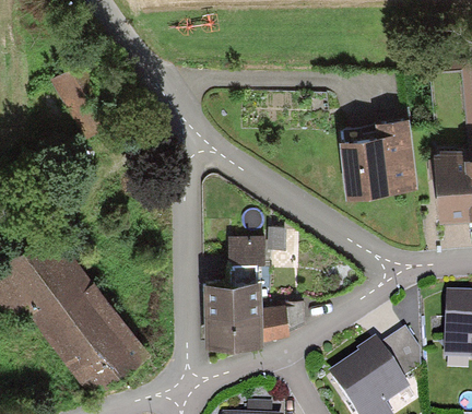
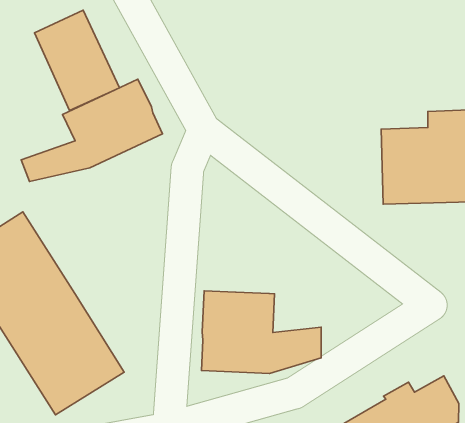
building: none -> [21,79,162,181]
building: [228,223,284,273] -> none

